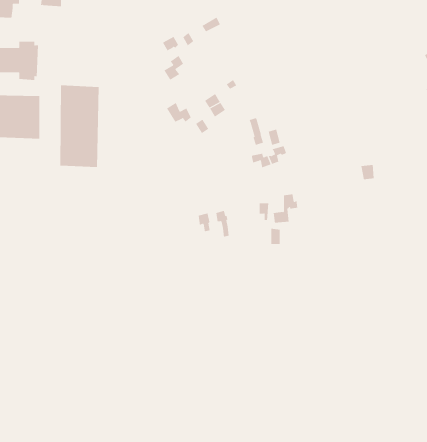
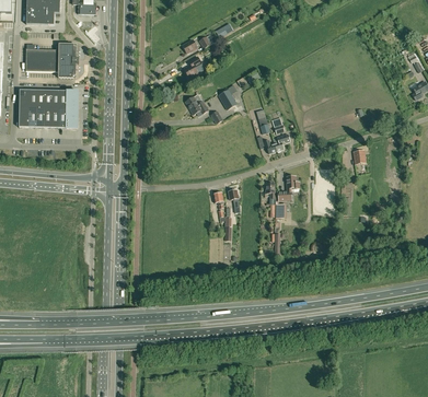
building: [60,85,99,168] -> none

